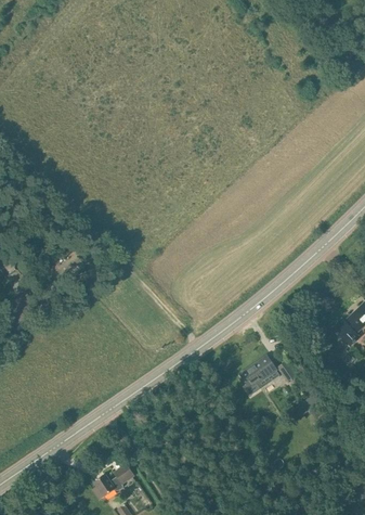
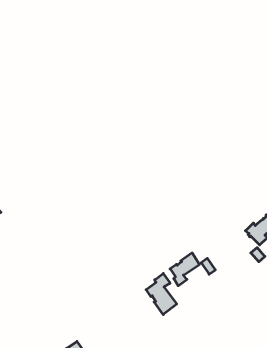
building: none -> [146,273,177,315]

